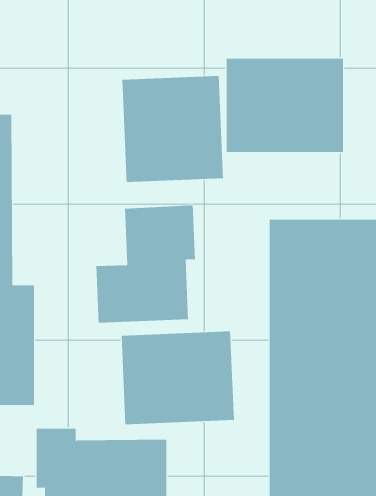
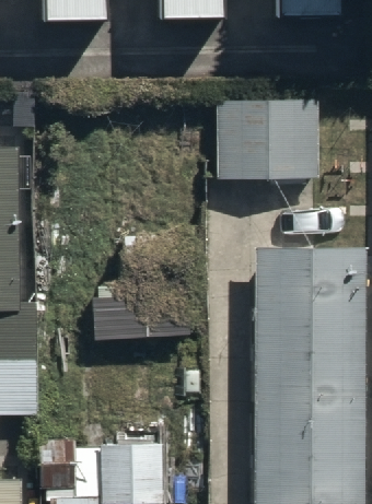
building: [122,75,223,183] -> none
building: [121,331,234,425] -> none

